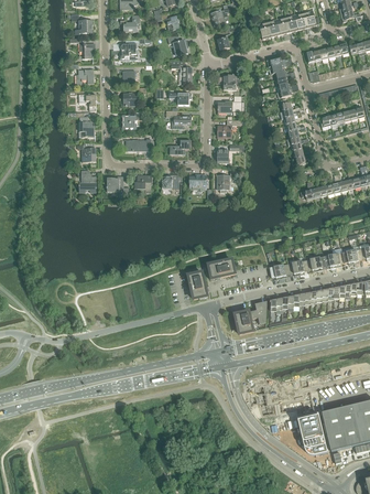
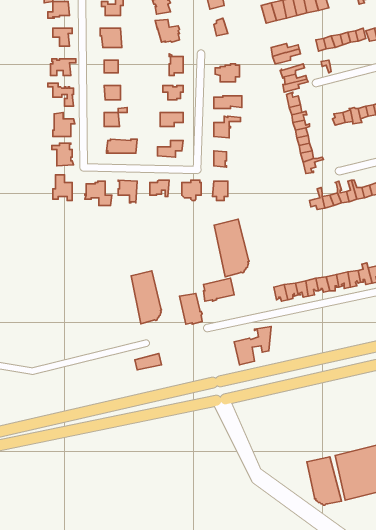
building: none -> [214,219,249,277]
building: none -> [131,271,162,324]

